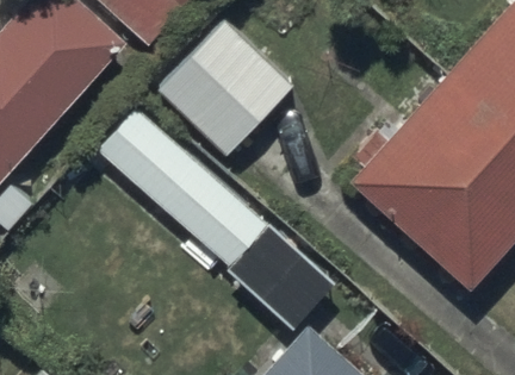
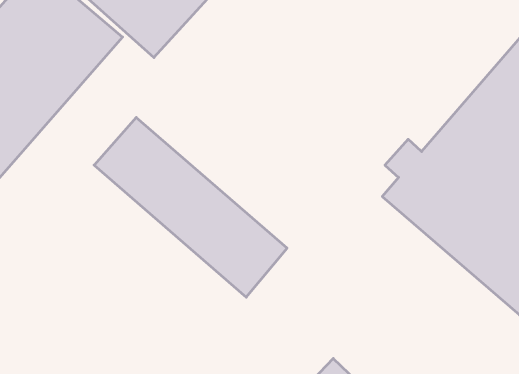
building: [161,23,294,157] -> none

